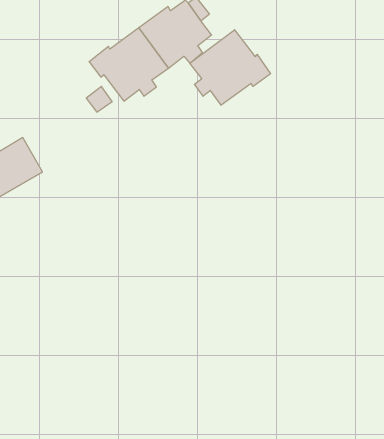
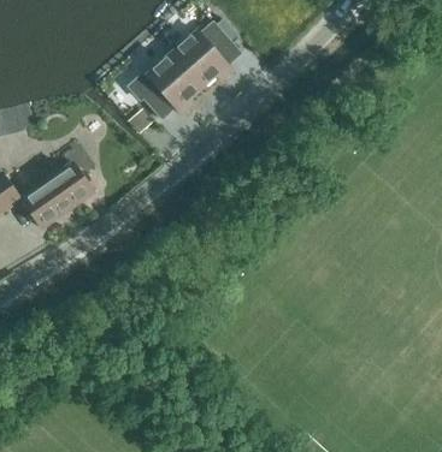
building: [190,30,271,105] -> none

